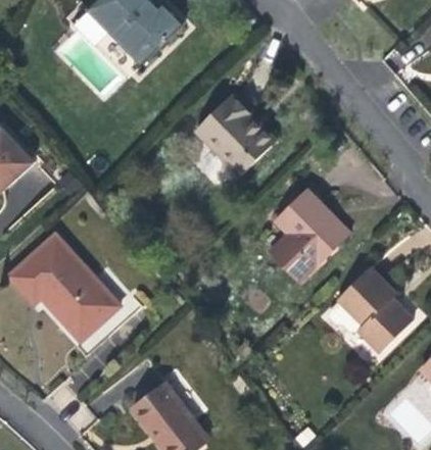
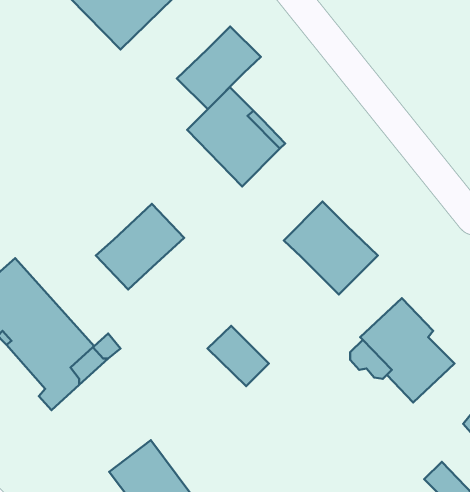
building: none -> [177,26,261,109]
building: none -> [96,204,184,290]
building: [269,233,319,282] -> [207,326,269,386]

